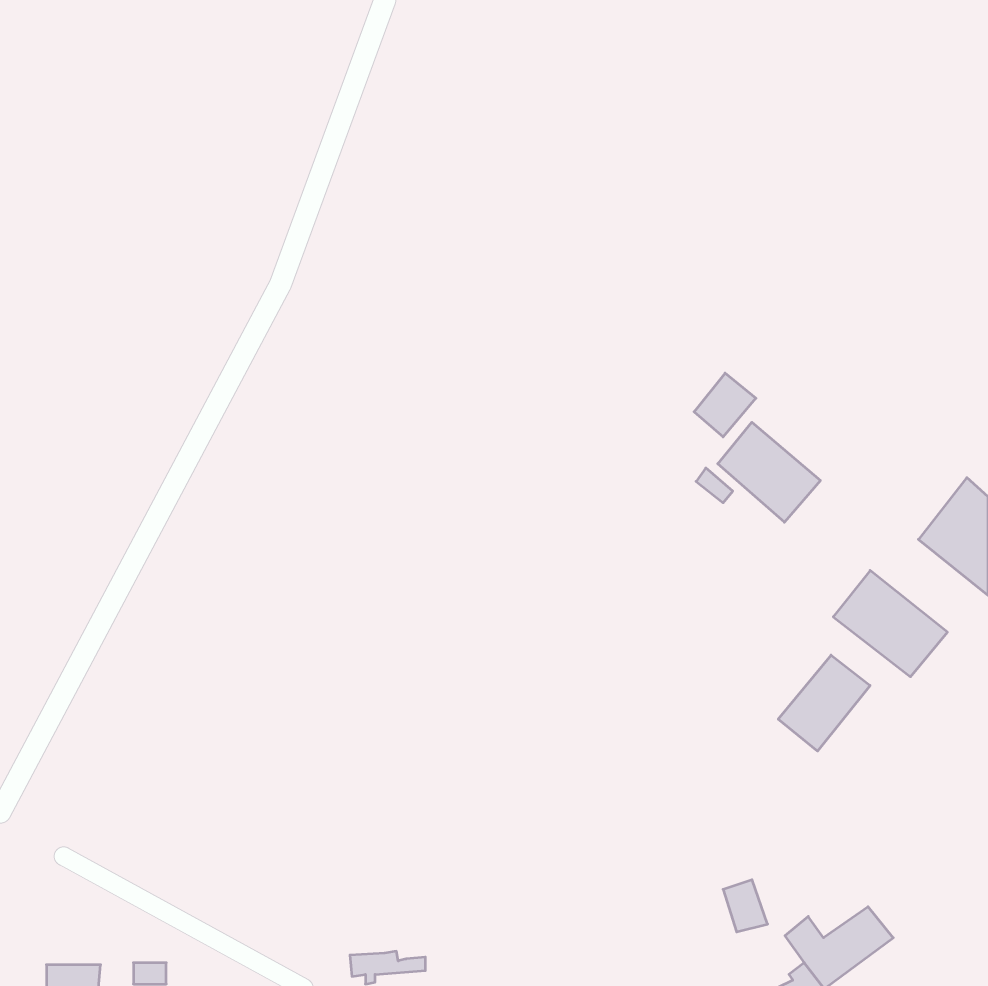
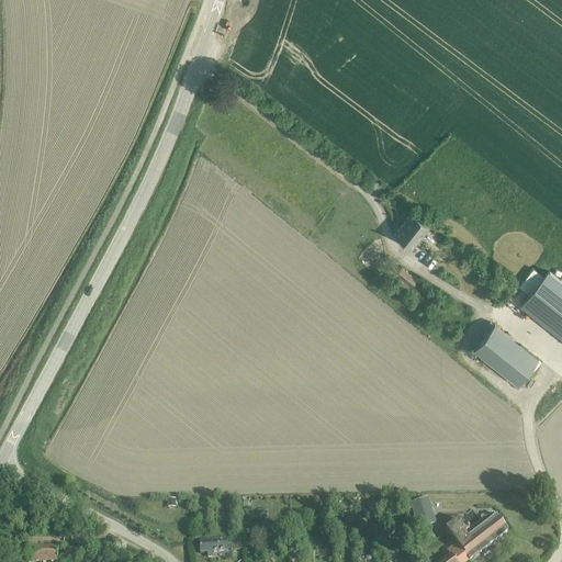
building: [718,422,820,522] -> none
building: [778,655,870,751] -> none

